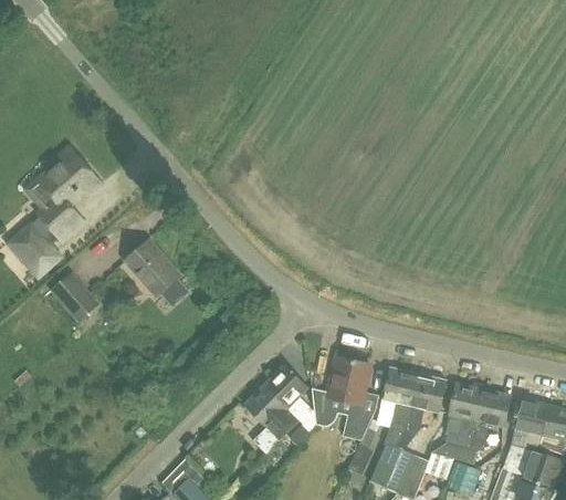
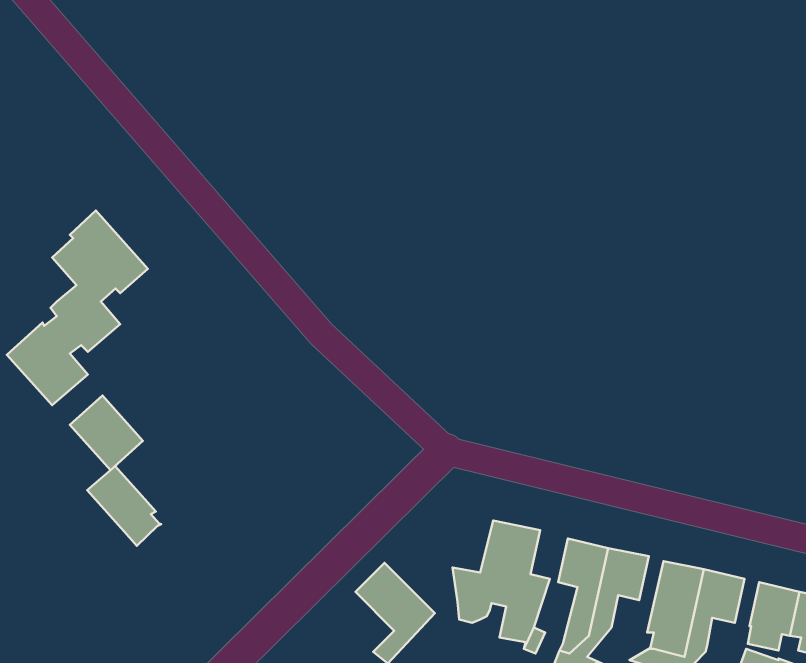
building: [125,239,179,295] -> none
building: none -> [87,466,161,546]
building: [264,365,315,433] -> none

